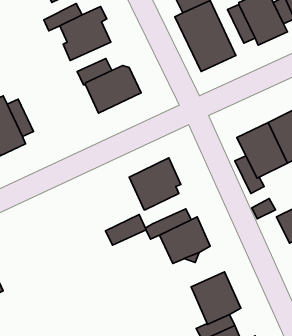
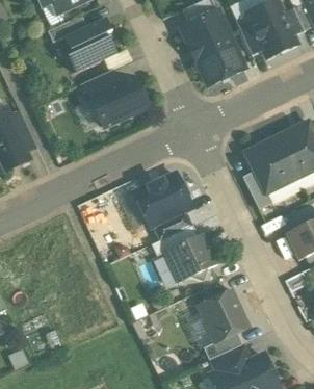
building: [106,215,146,245] -> [151,208,192,239]

